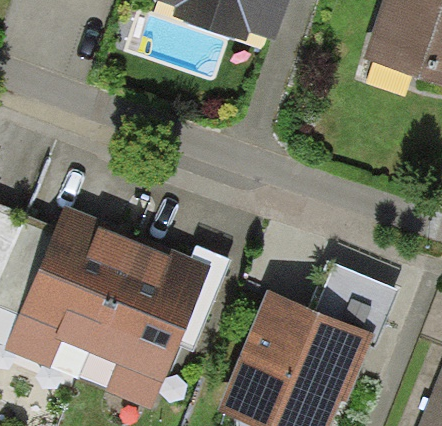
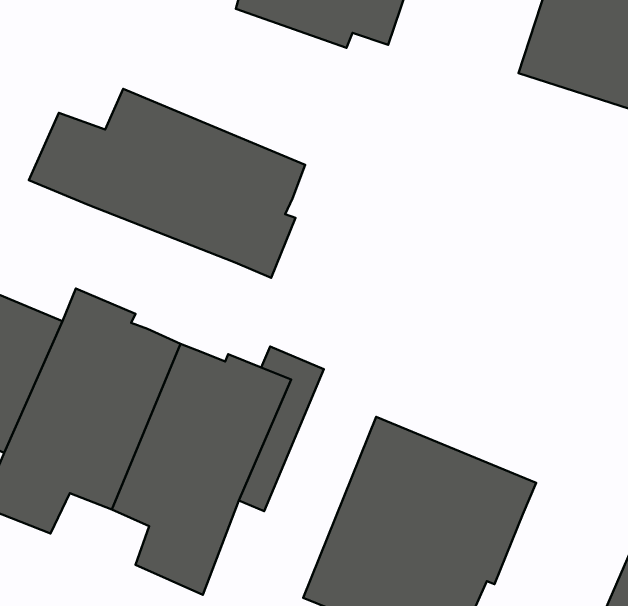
building: none -> [29,89,305,278]
building: [308,260,398,335] -> none

